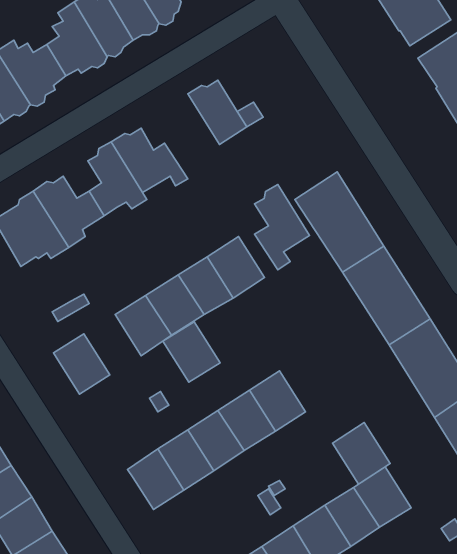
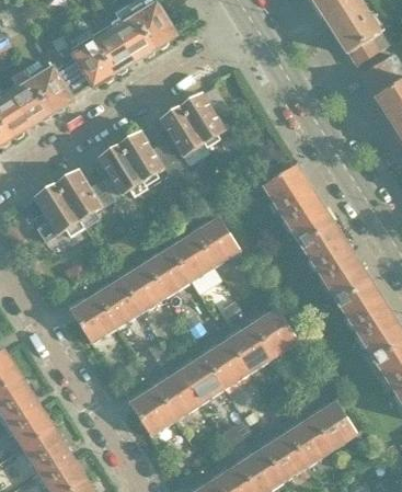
building: [255,185,309,270] -> [160,103,204,171]
building: [163,322,220,382] -> [95,279,141,328]
building: [333,422,390,484] -> [252,308,298,357]

